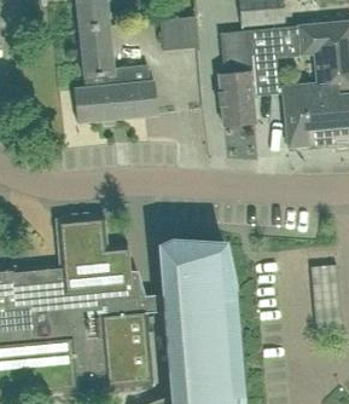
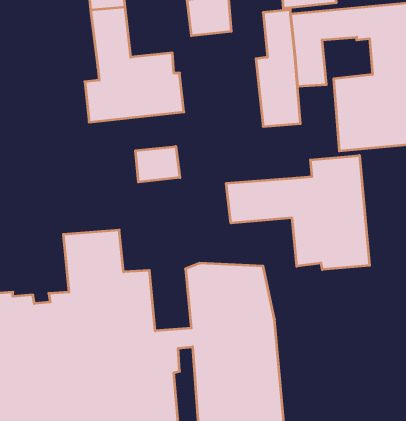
building: none -> [136,146,180,182]
building: none -> [226,155,370,270]

